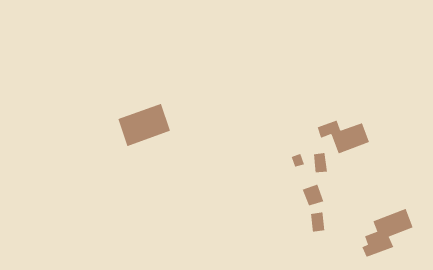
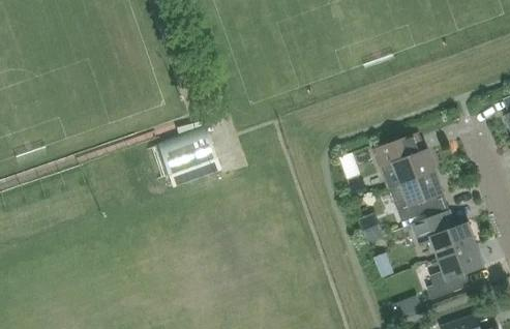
building: none -> [390,171,445,222]
building: none -> [412,215,477,259]

